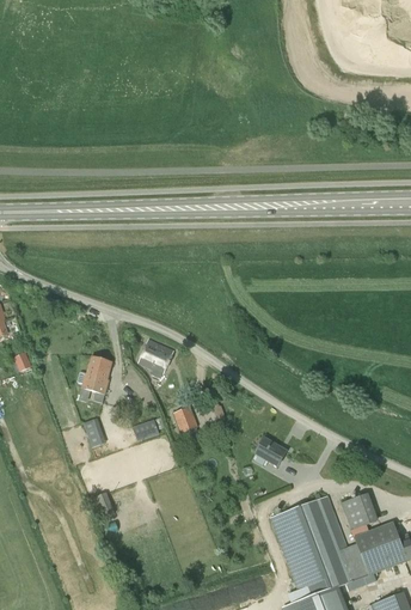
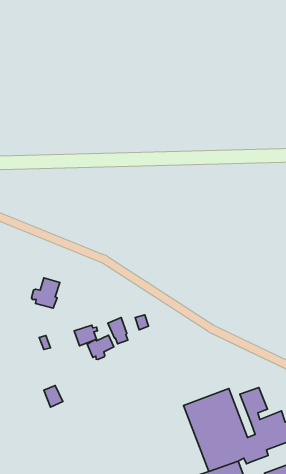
building: [137,338,173,378] -> none
building: none -> [87,335,114,360]
building: [254,437,287,466] -> none

